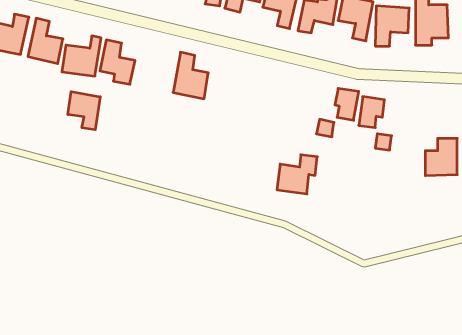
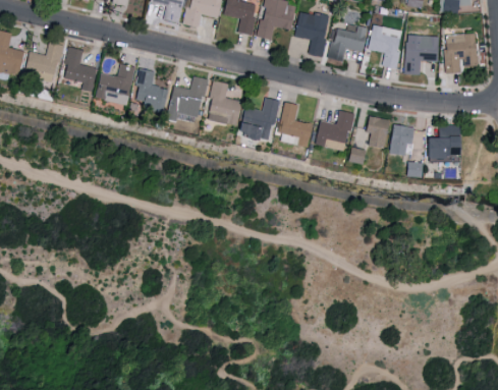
building: none -> [169,76,209,112]
building: none -> [237,98,277,142]
building: none -> [278,102,312,147]
building: [68,92,100,130] -> none
building: [425,138,457,176] -> [426,125,457,162]
building: [277,155,317,194] -> [315,111,354,150]

